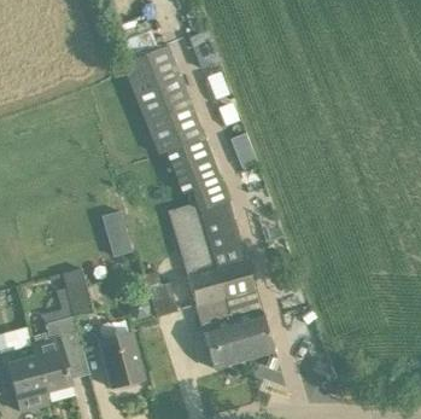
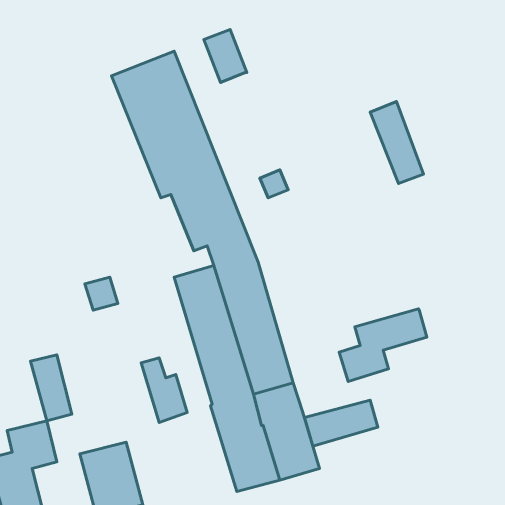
building: none -> [370,102,424,184]
building: none -> [339,309,427,382]
building: none -> [304,400,378,446]

